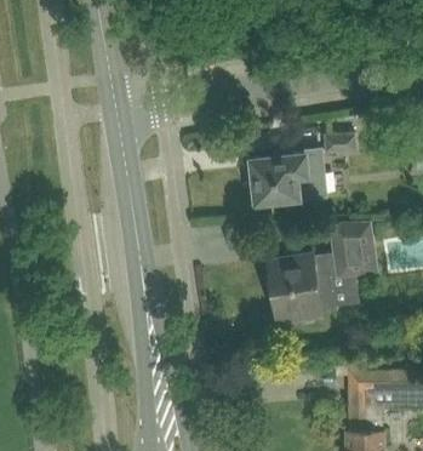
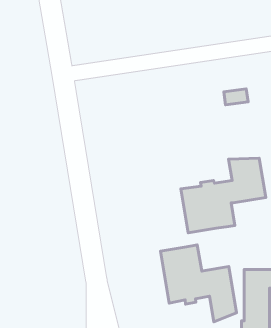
building: [251,154,325,205] -> none
building: none -> [161,245,237,322]

